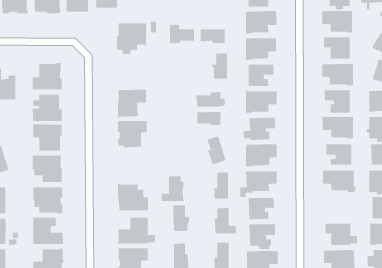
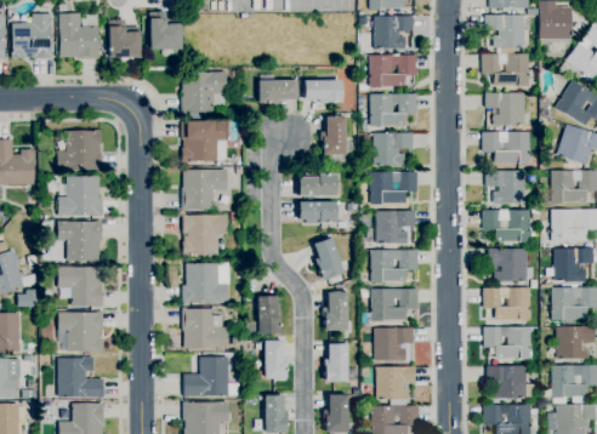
building: none -> [181,121,226,162]
building: none -> [182,264,227,304]
building: none -> [483,327,530,360]

